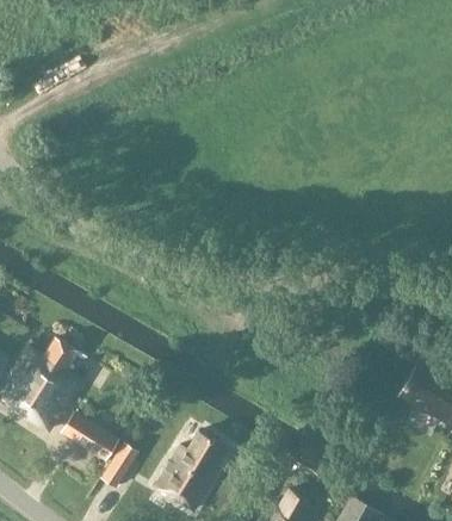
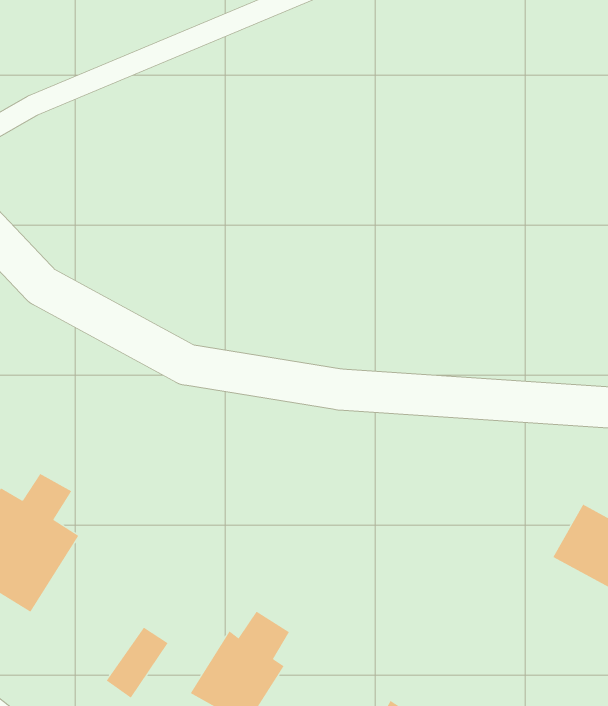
building: [58,411,118,463] -> none

